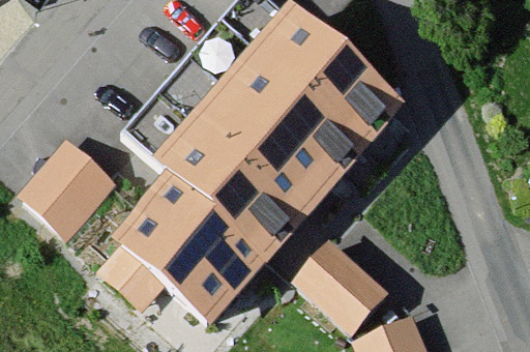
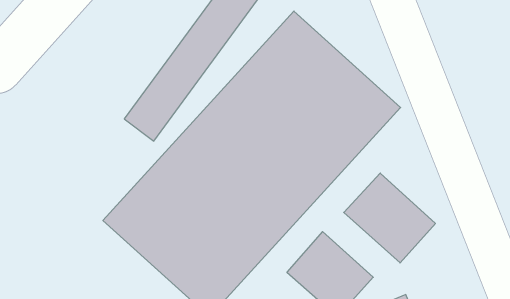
building: [14,133,114,232] -> none
building: none -> [344,173,435,263]

